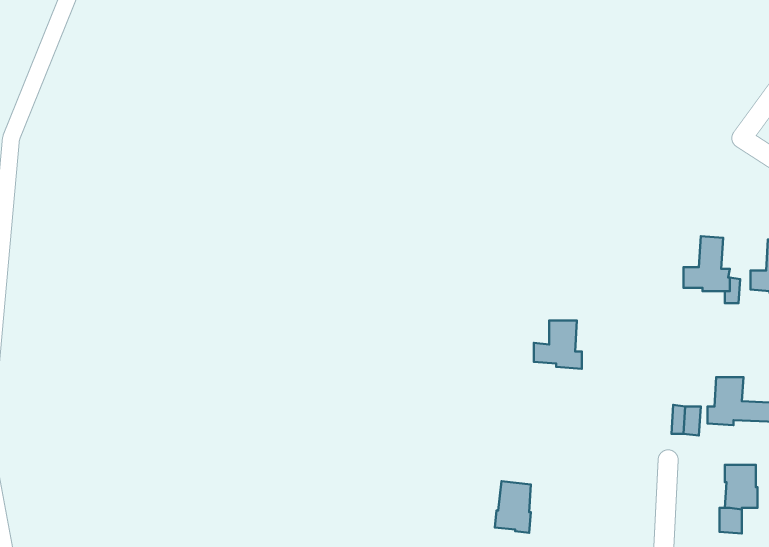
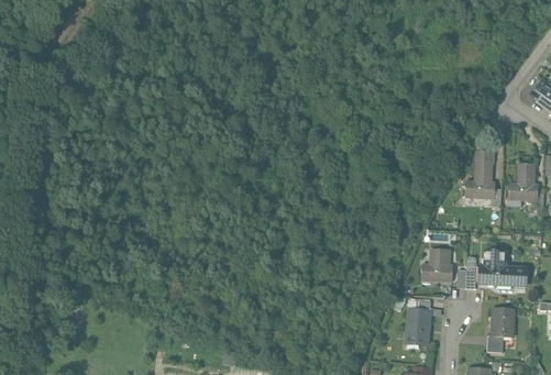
building: [534,321,582,369] -> [421,250,452,280]
building: [495,481,531,533] -> [405,311,428,344]

